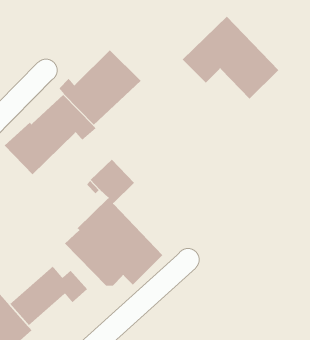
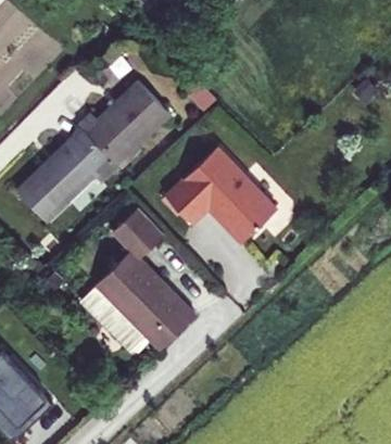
building: [182,16,279,100] -> [164,145,275,241]
building: [9,265,88,326] -> none

